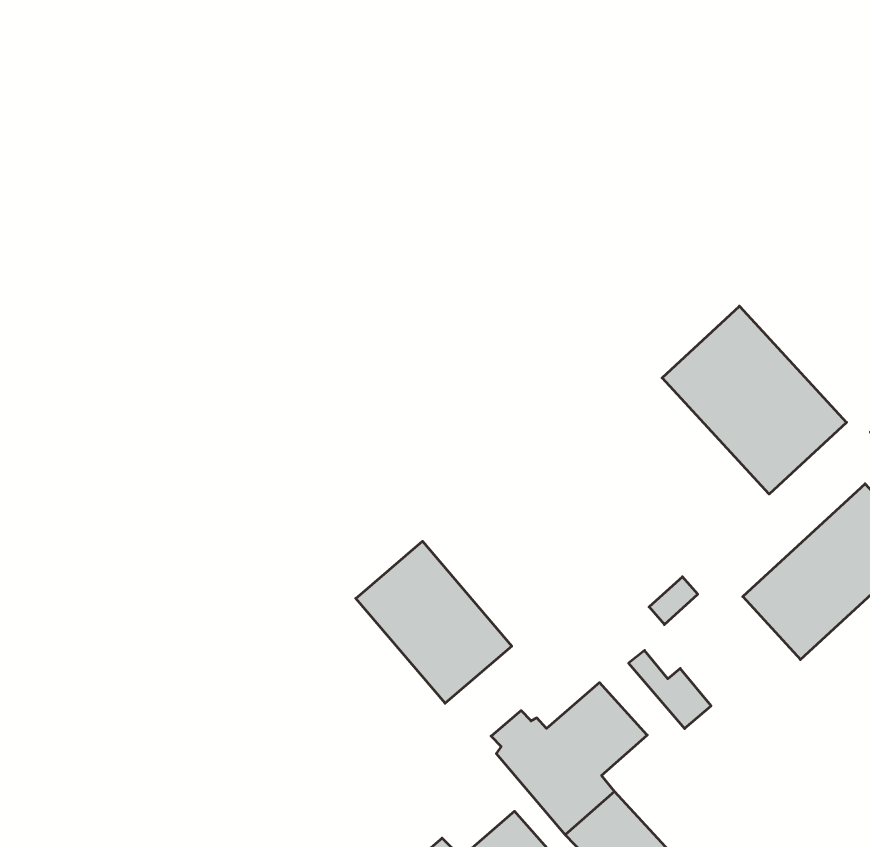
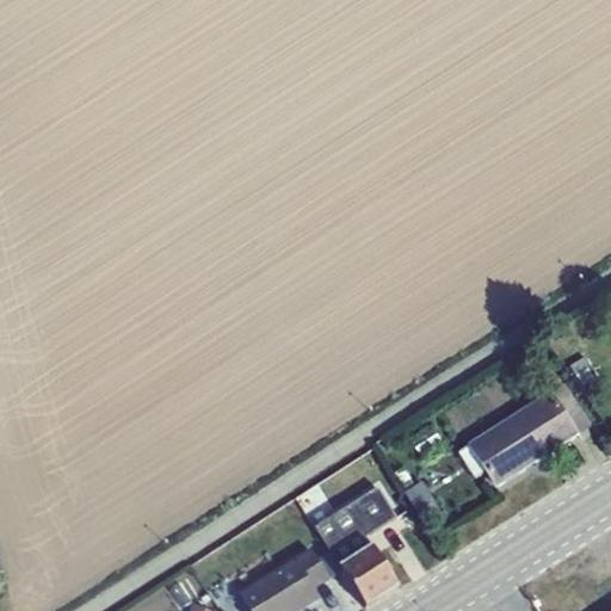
building: [662,306,847,494] -> none
building: [356,541,512,703] -> none

